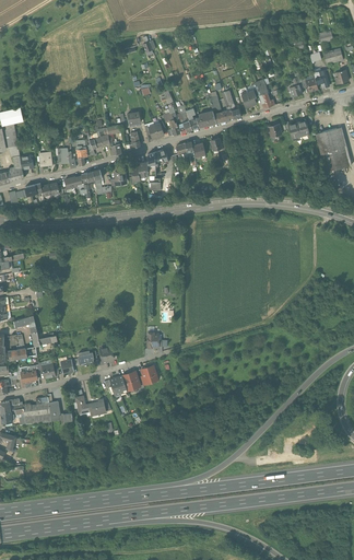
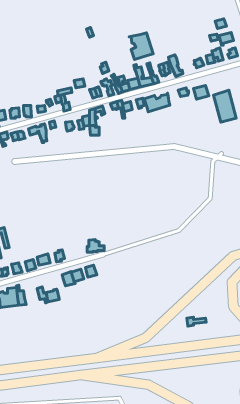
building: none -> [129,33,153,60]
building: none -> [144,93,170,112]

